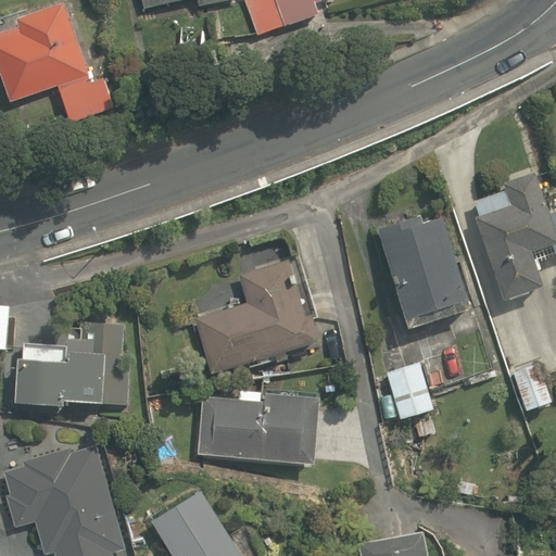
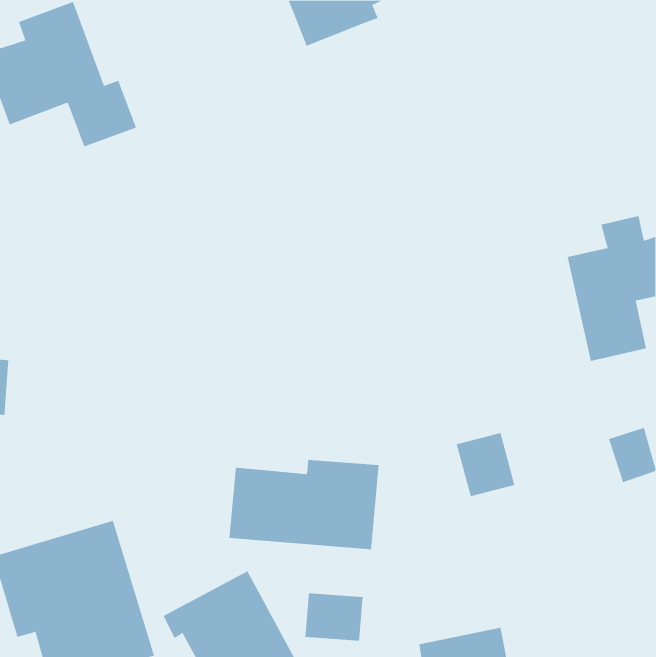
building: [376,213,473,330] -> none
building: [188,251,316,372] -> none
building: [11,315,137,409] -> none
building: none -> [305,593,363,642]

